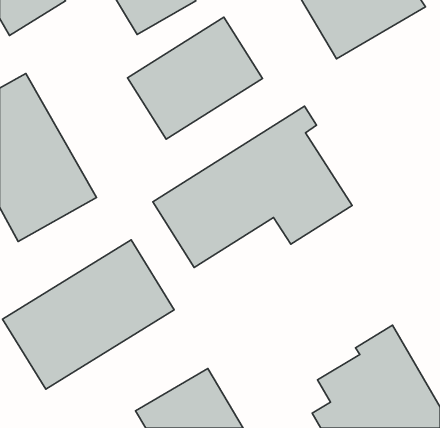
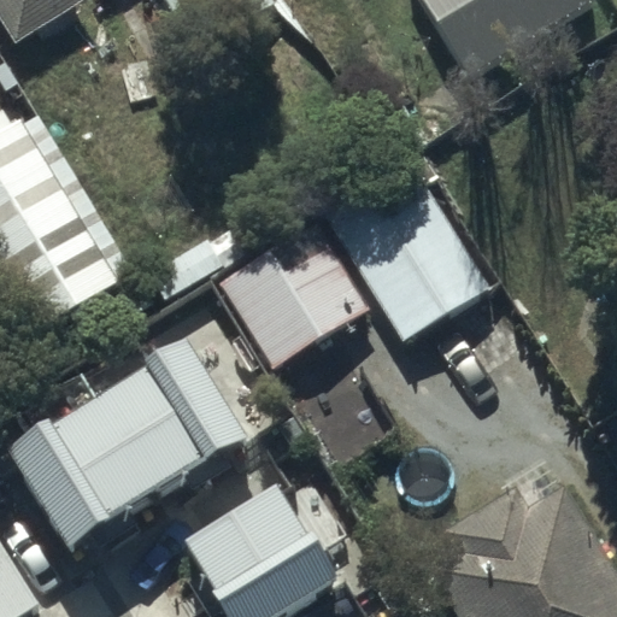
building: [128,17,262,139] -> none

